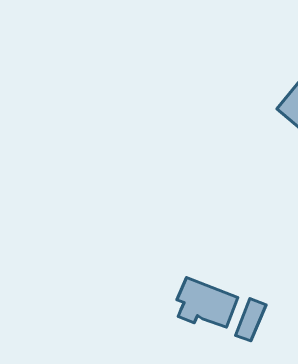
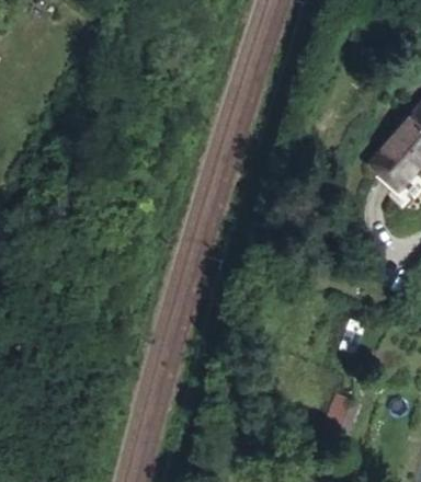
building: [177,277,238,327] -> none

